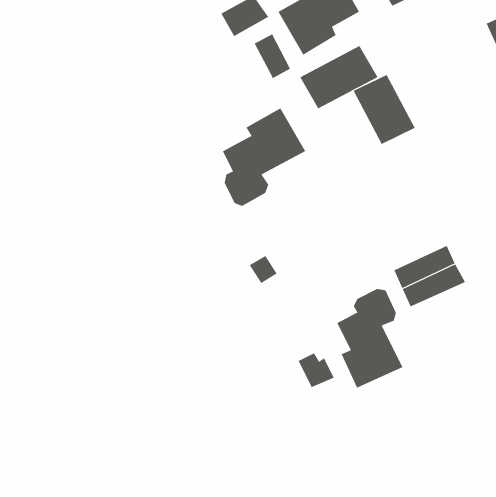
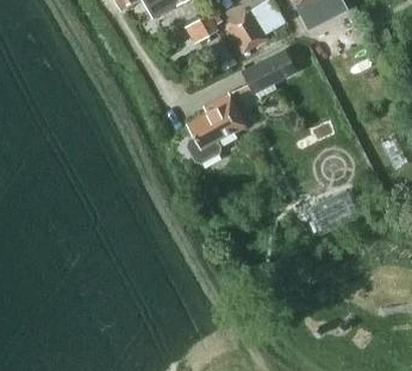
building: [353,74,416,145] -> none
building: [336,288,403,388] -> none

